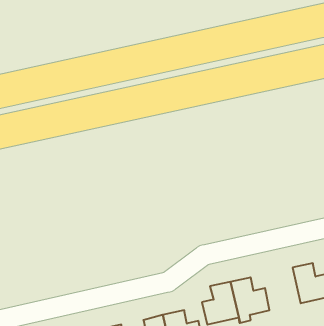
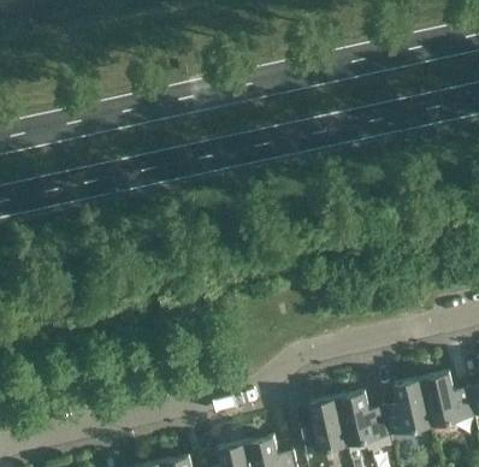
building: none -> [384,379,432,437]

